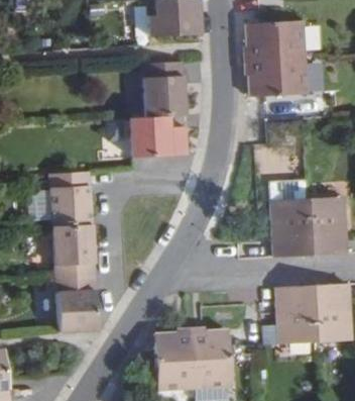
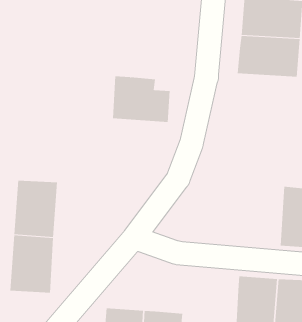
building: [145,59,187,114] -> none
building: [50,170,93,225] -> none
building: [269,198,310,257] -> none

